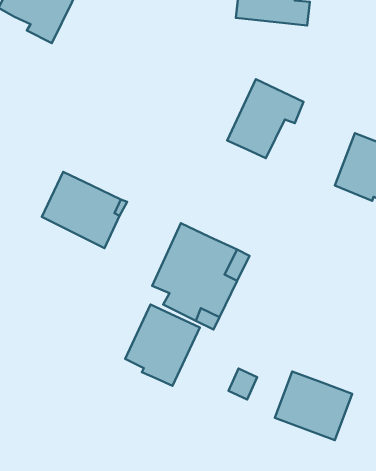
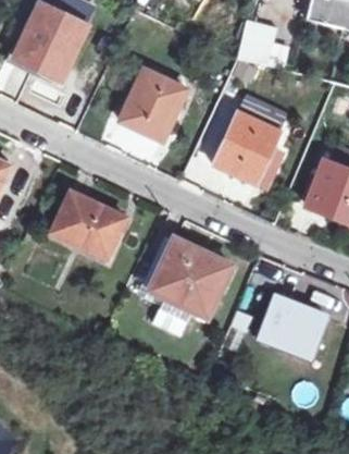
building: none -> [121,69,188,137]
building: [125,305,200,386] -> none
building: [275,371,352,440] -> [260,295,327,355]

